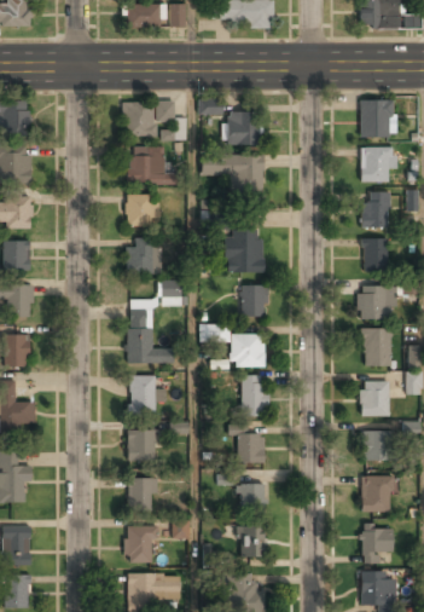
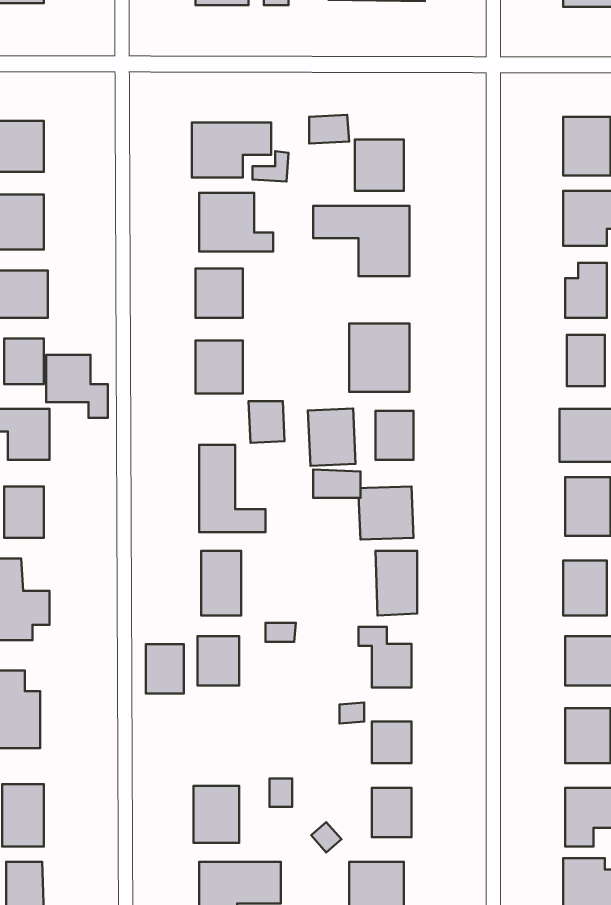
building: none -> [46,355,108,418]
building: none -> [308,408,356,466]
building: [129,479,153,510] -> [146,644,184,694]

